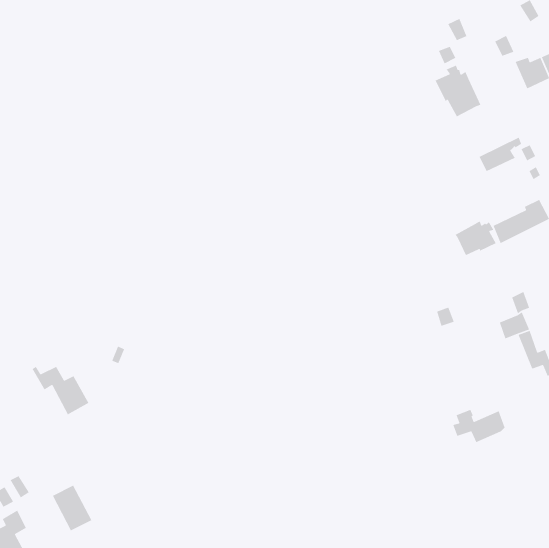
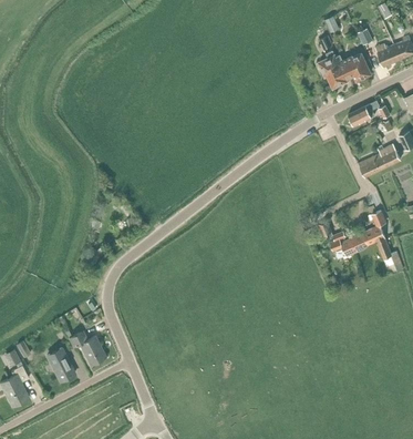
building: none -> [342,51,371,80]
building: [454,220,497,256] -> none
building: [32,366,89,416] -> [65,329,106,365]
building: [452,409,505,443] -> [330,231,368,255]

